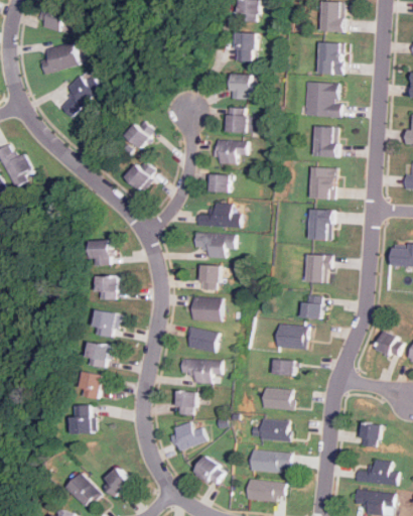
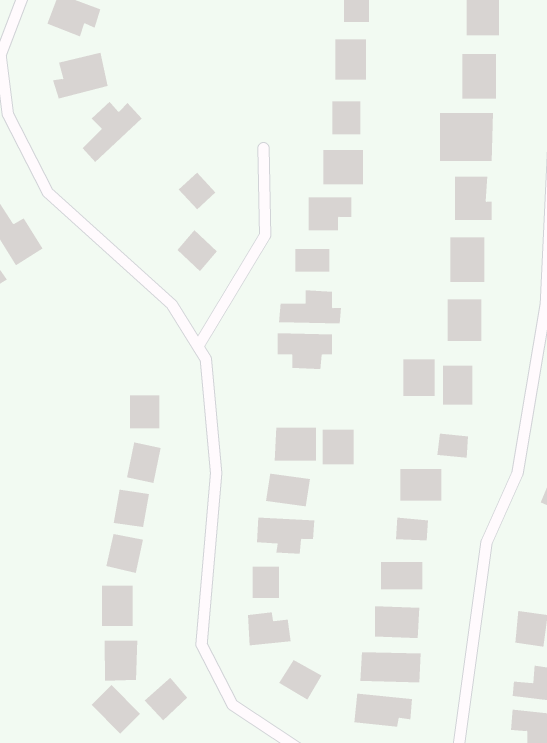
building: [95,241,113,265] -> none
building: none -> [403,359,435,397]
building: [197,265,220,289] -> [322,429,354,465]
building: none -> [104,640,138,681]

